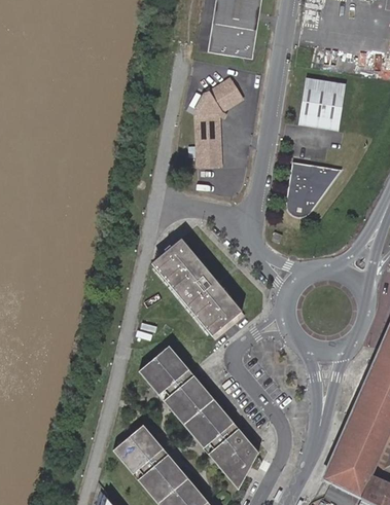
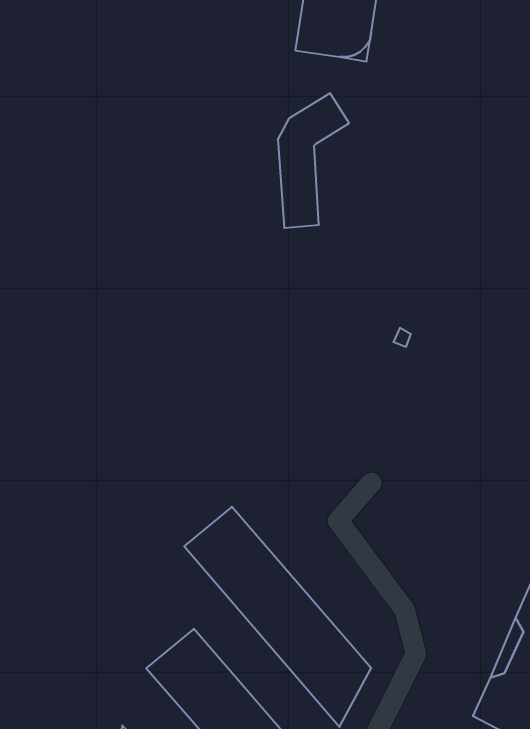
building: [298,76,345,129] -> none
building: [287,161,340,216] -> none
building: [154,235,245,331] -> none

